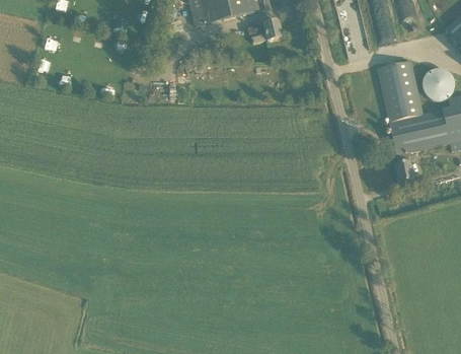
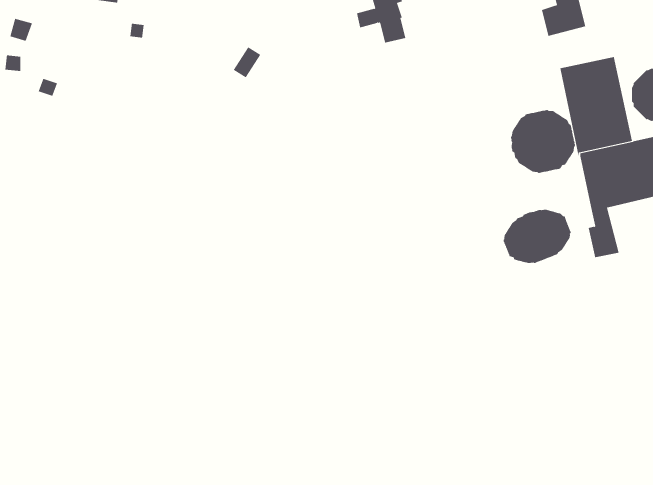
building: none -> [510,109,576,174]
building: none -> [503,209,571,264]

